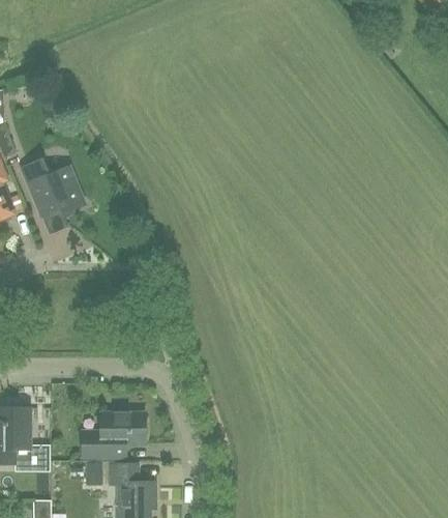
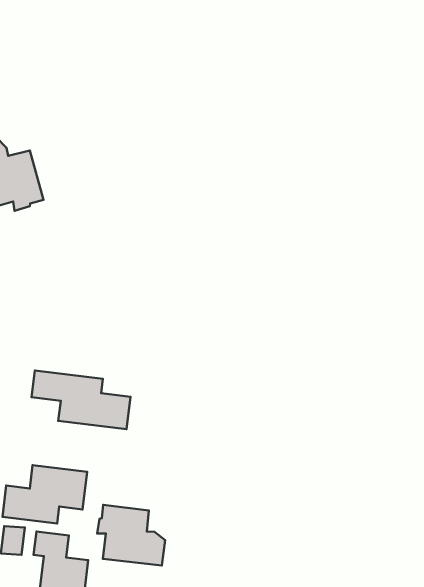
building: none -> [31,371,130,429]
building: none -> [97,505,165,565]

